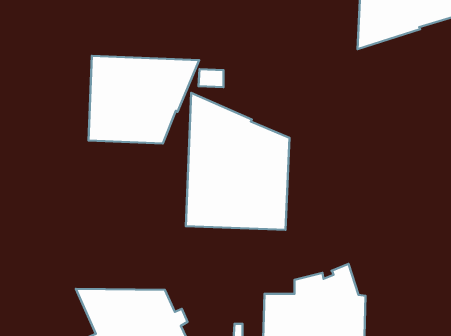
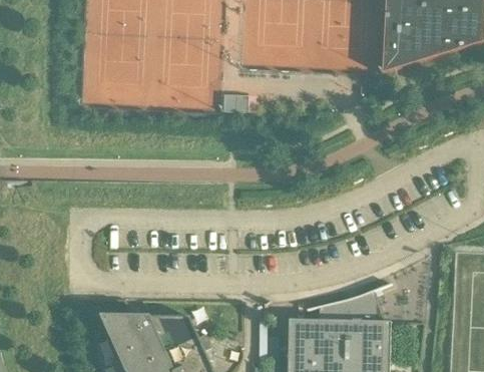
building: [89,56,199,144] -> none
building: [186,93,289,230] -> none

